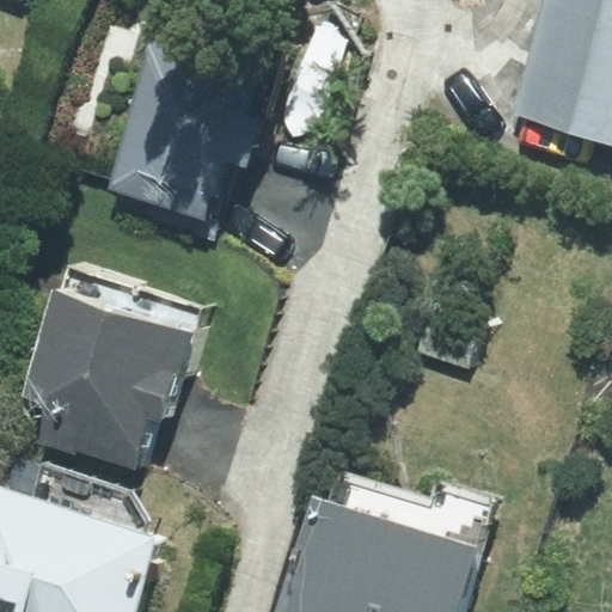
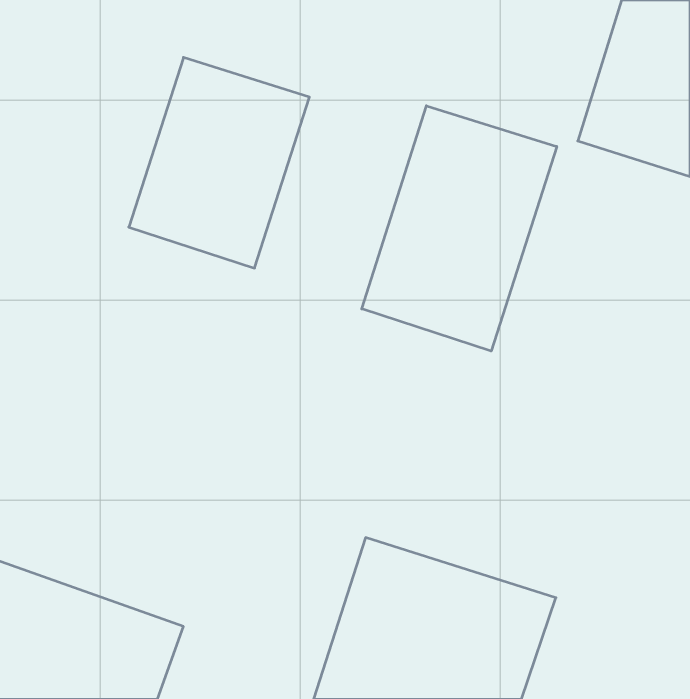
building: none -> [362,106,557,351]
building: [6,268,207,489] -> none

